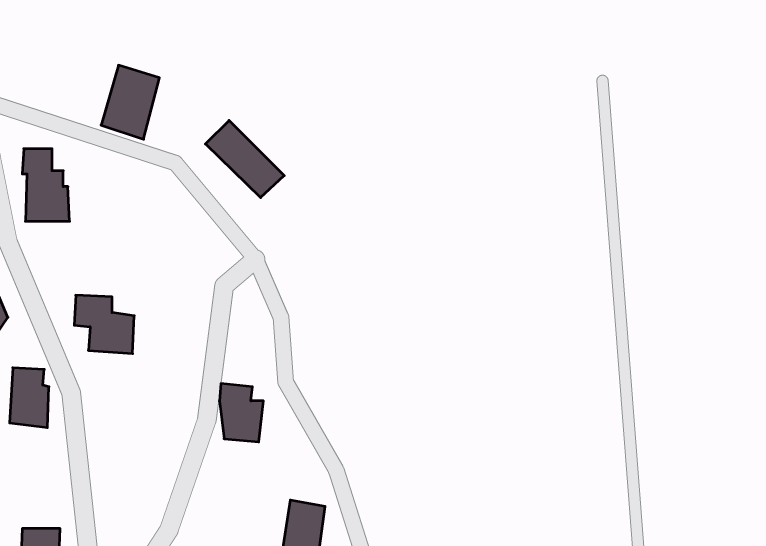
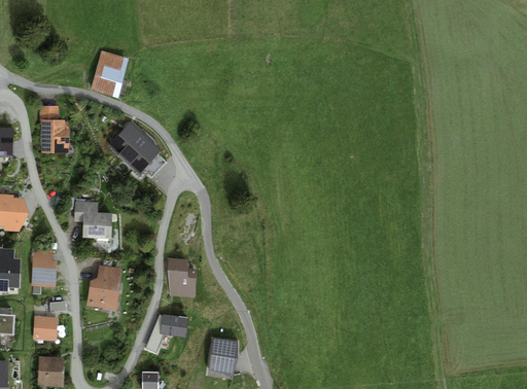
building: [205,120,284,198] -> [114,127,166,177]
building: none -> [85,266,121,311]
building: none -> [147,311,188,352]
building: none -> [33,315,58,338]

